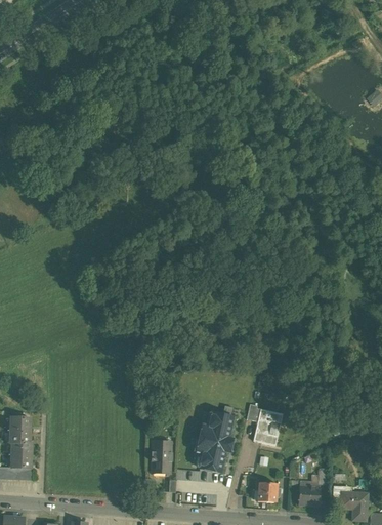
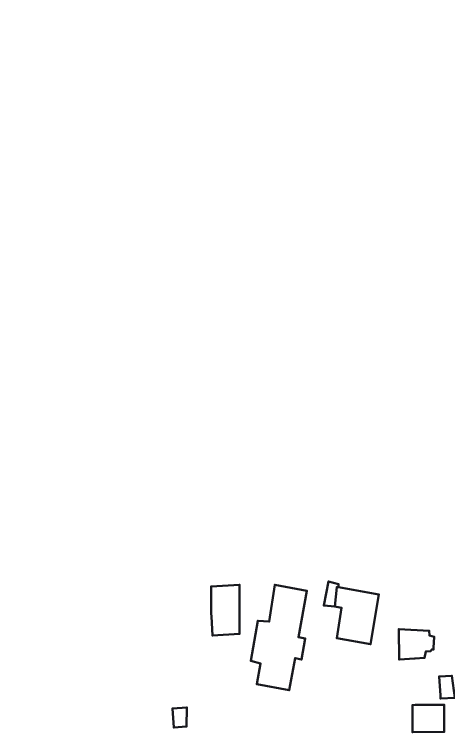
building: [151,441,170,473] -> [211,585,240,636]
building: [255,482,279,501] -> [399,629,434,659]

